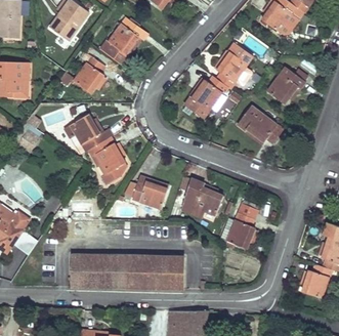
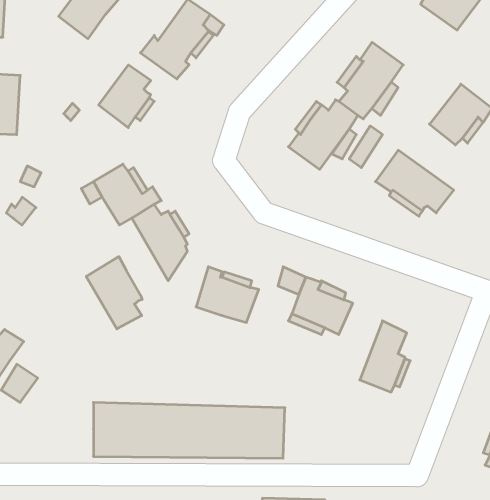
building: none -> [86,257,142,329]

